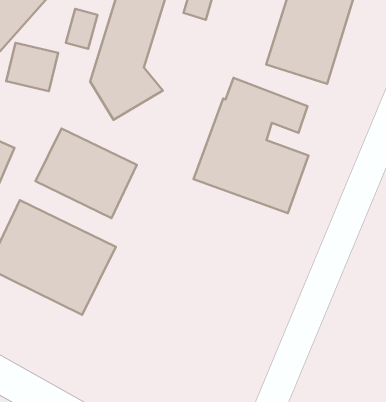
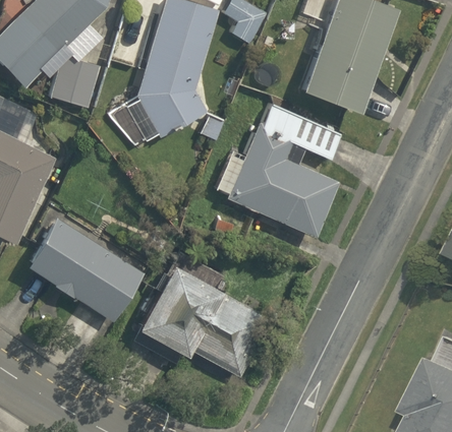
building: [36,129,137,218] -> none
building: none -> [140,251,270,374]

